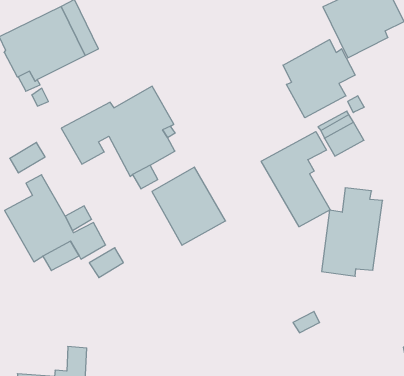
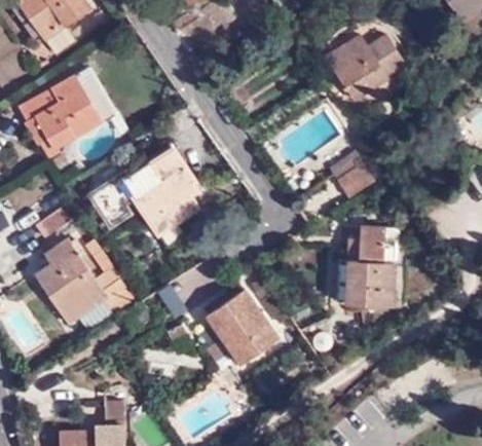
building: [283,40,355,118] -> none
building: [261,132,330,227] -> none
building: [152,167,226,245] -> [205,288,277,364]

